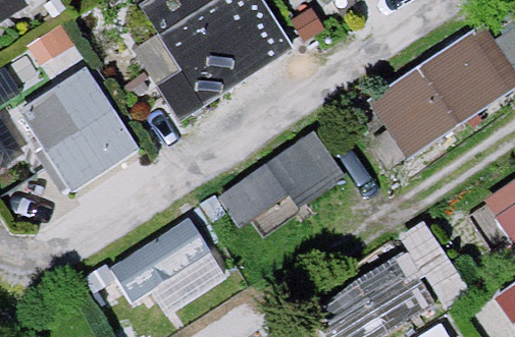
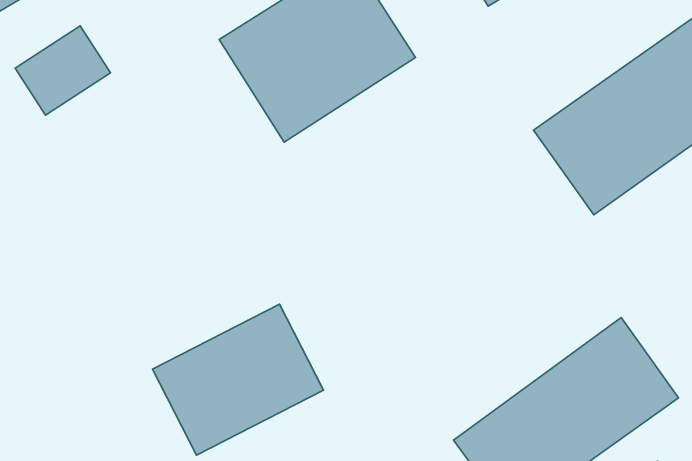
building: [19,69,137,194] -> none
building: [220,127,343,230] -> none

